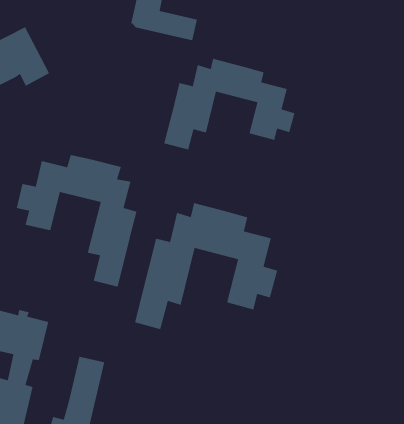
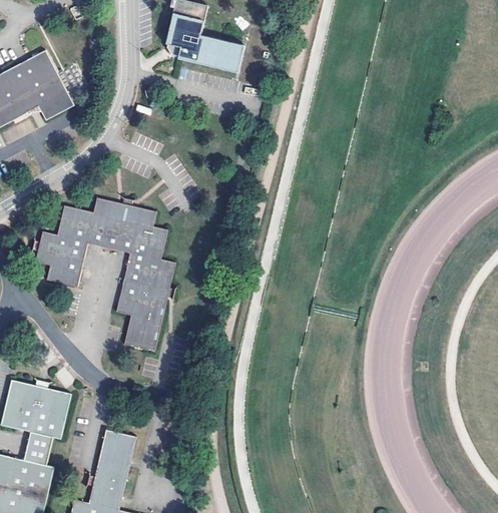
building: [163,58,295,150] -> none
building: [134,202,278,330] -> none

